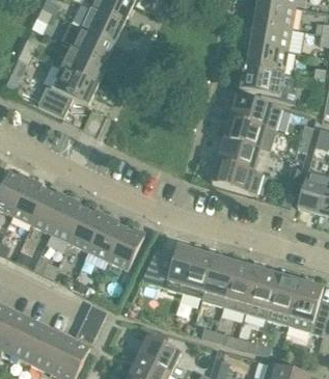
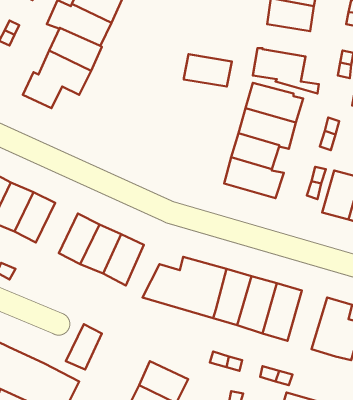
building: [246,43,287,71] -> [184,54,232,87]
building: [50,197,86,241] -> none
building: [268,273,302,324] -> none

